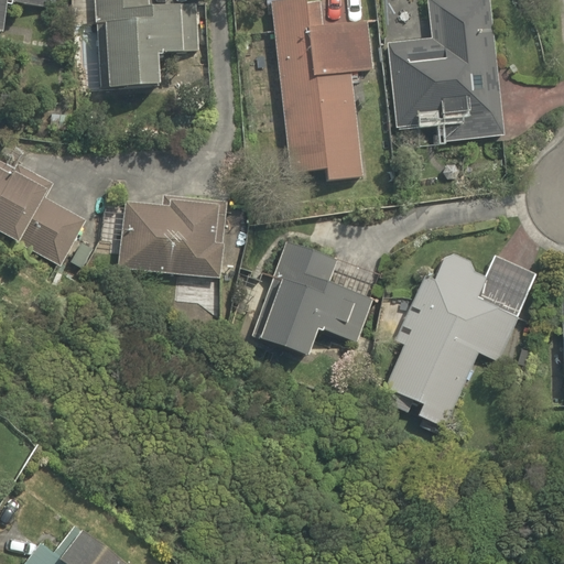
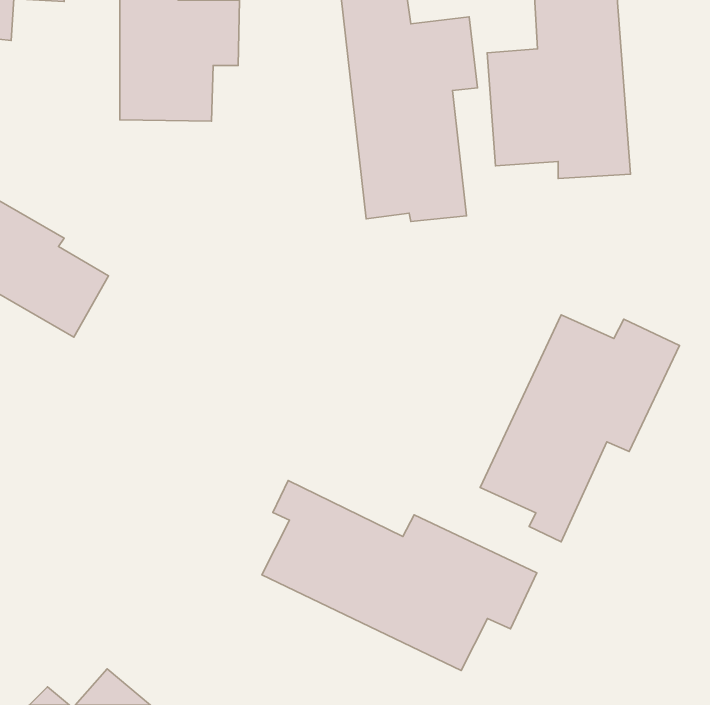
building: [119,194,226,280] -> none
building: [254,237,365,356] -> none
building: none -> [262,480,537,670]

